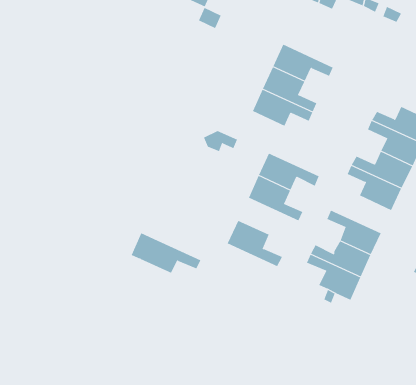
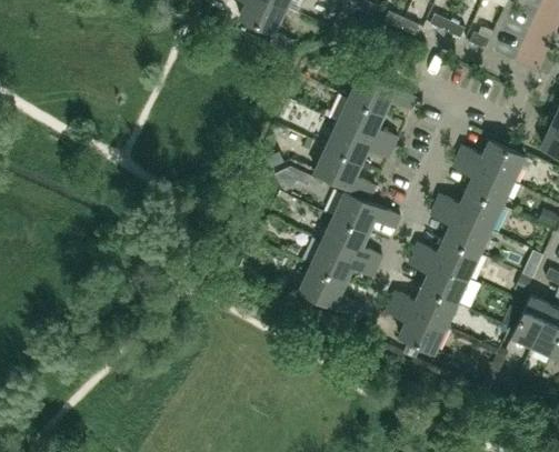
building: none -> [315,147,376,198]
building: none -> [412,239,479,280]
building: [131,233,201,273] -> [301,237,378,281]

